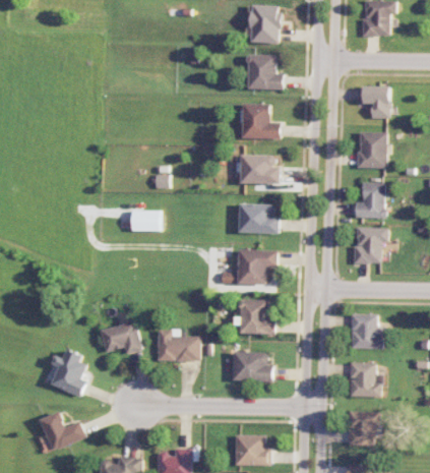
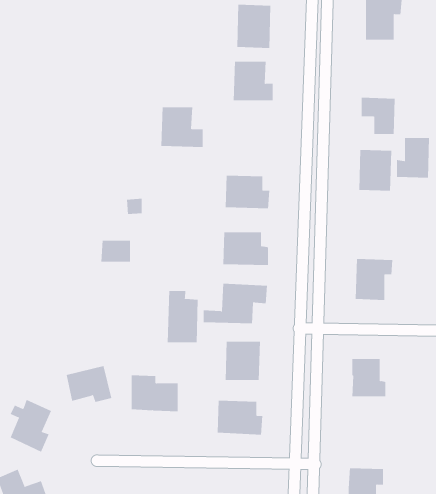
building: [242,104,280,139] -> [161,107,203,147]
building: [355,183,384,219] -> [396,138,430,178]
building: none -> [167,290,198,343]
building: [349,363,381,398] -> none

